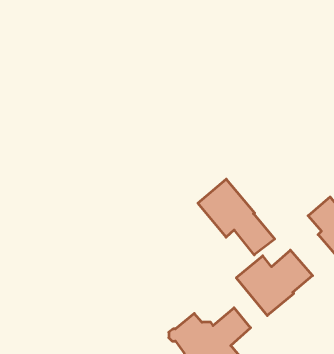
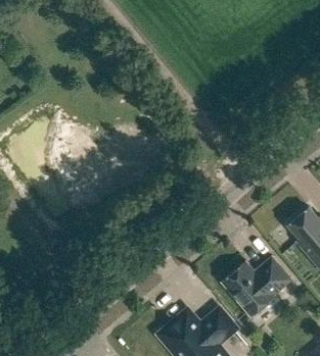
building: [198,179,275,255] -> none

